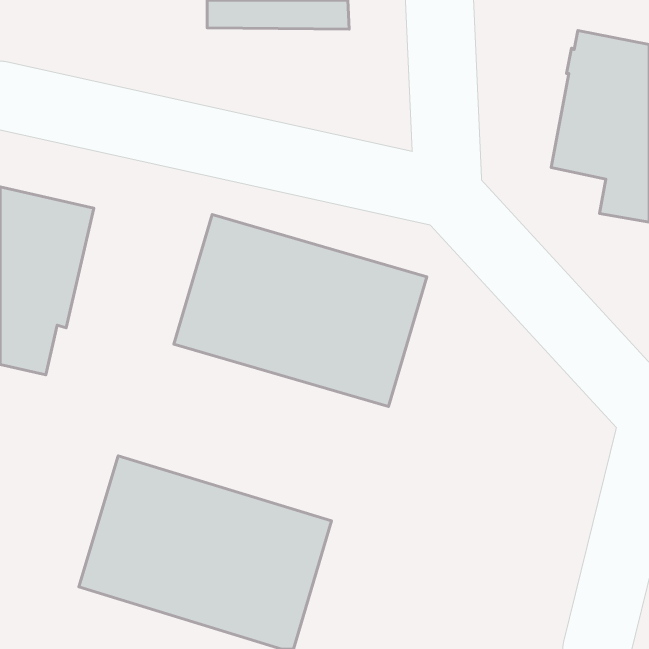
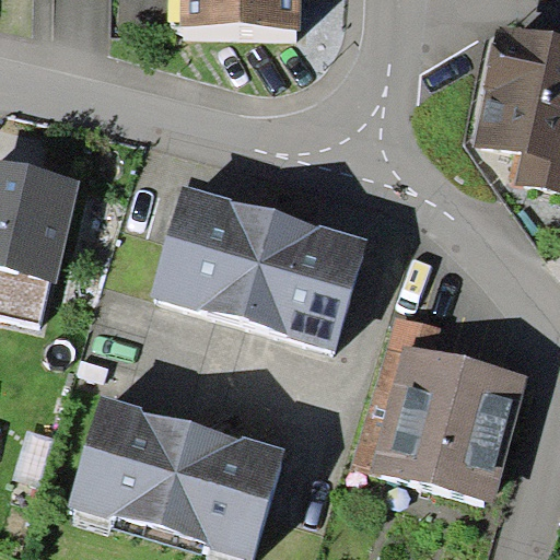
building: none -> [355,316,530,504]

